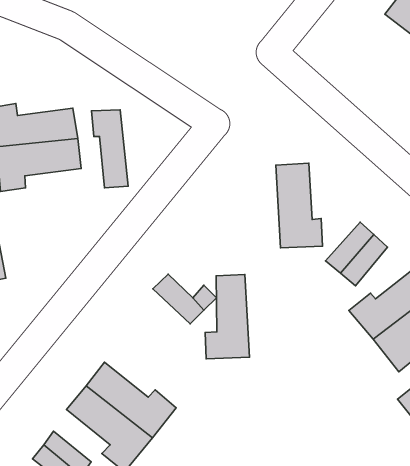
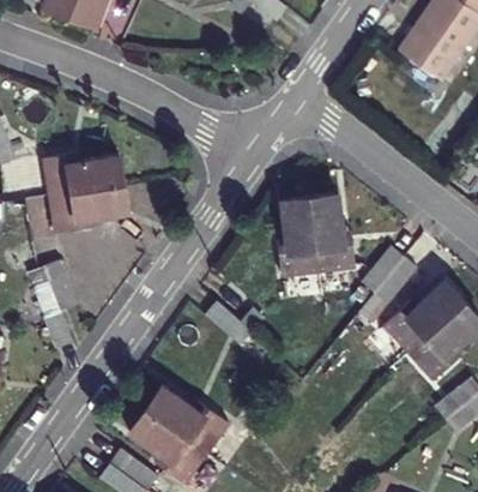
building: [92,110,128,188] -> none
building: [205,275,249,359] -> [276,196,317,275]

